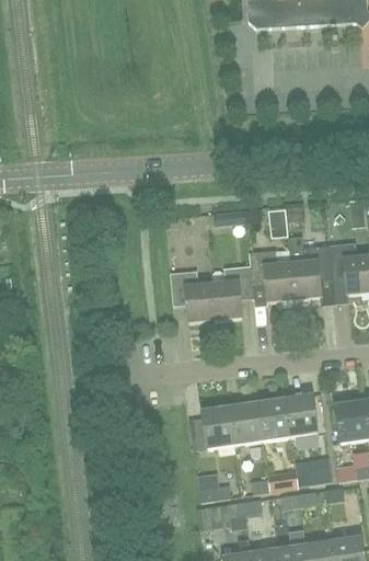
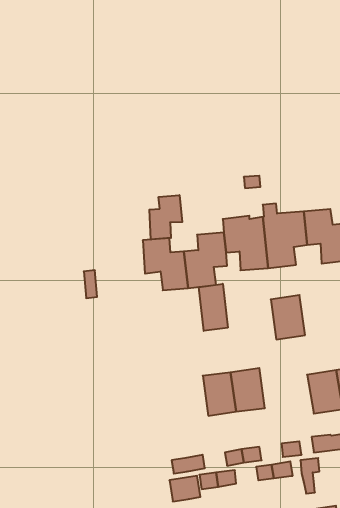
building: none -> [149,195,182,240]
building: none -> [199,284,228,331]
building: [285,394,319,438] -> [271,295,305,339]
building: [200,407,234,450] -> none

